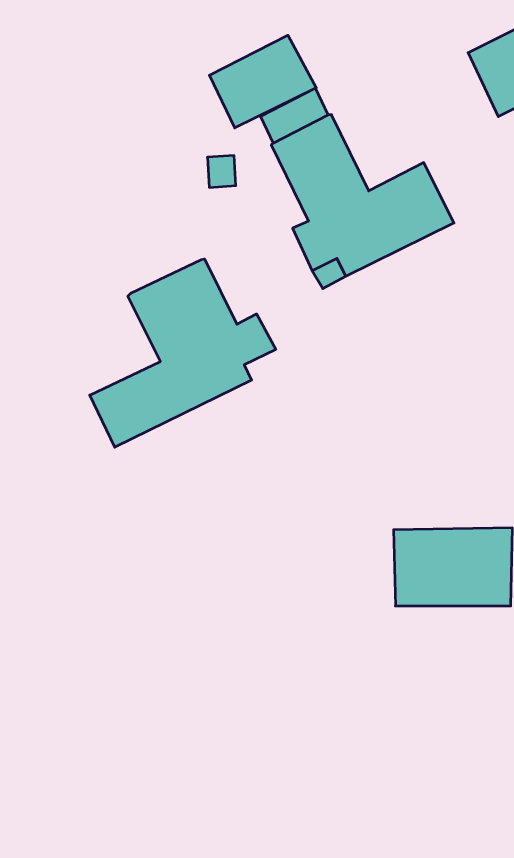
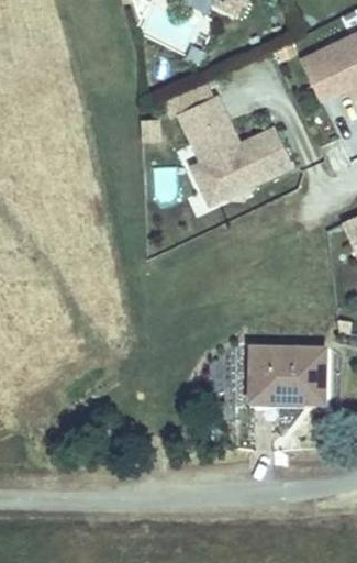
building: [209,35,316,128] -> none
building: [90,259,276,447] -> none

